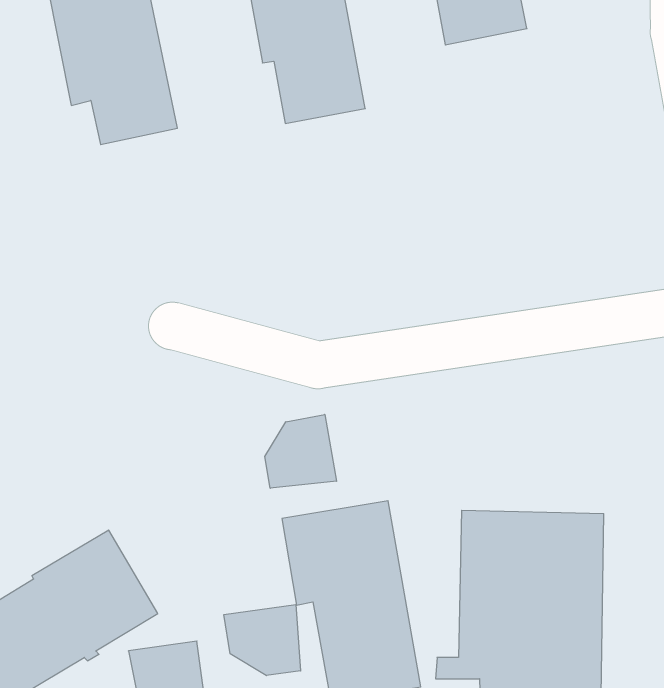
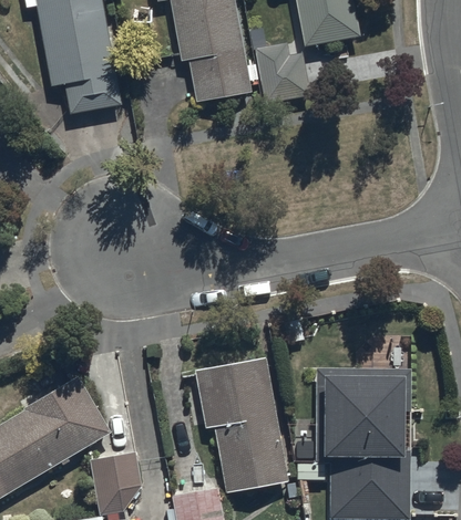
building: none -> [256,41,310,105]
building: [265,414,337,488] -> none
building: [224,604,301,676] -> none

